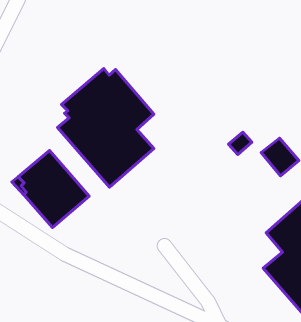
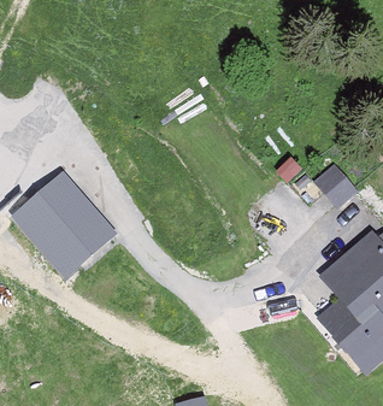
building: [58,68,154,187] -> none

